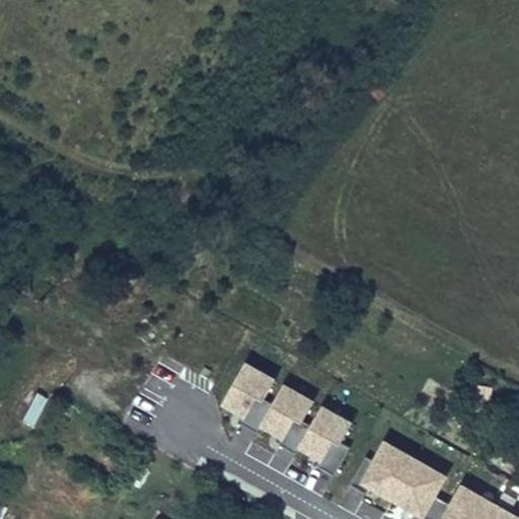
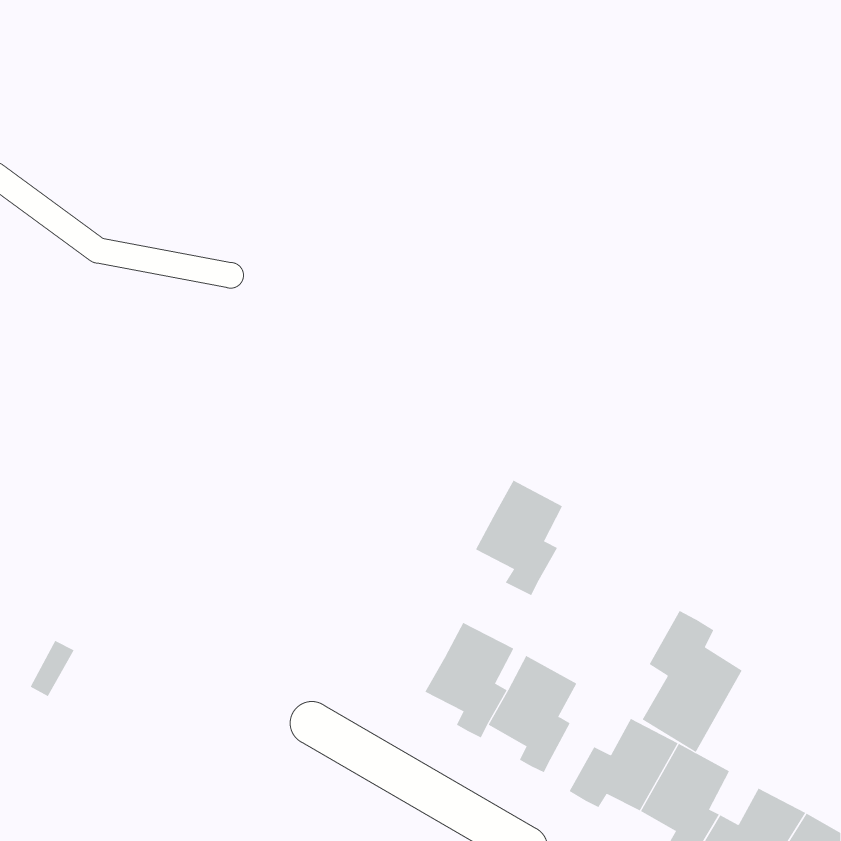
building: [221,364,275,435] -> [475,480,563,596]
building: none -> [642,610,742,753]

